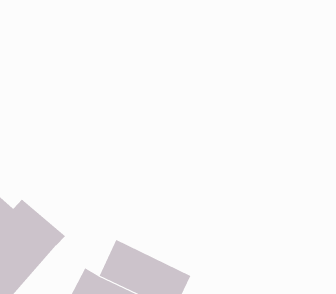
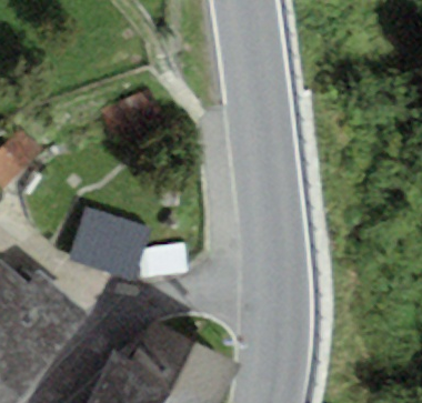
building: none -> [68,208,150,282]

